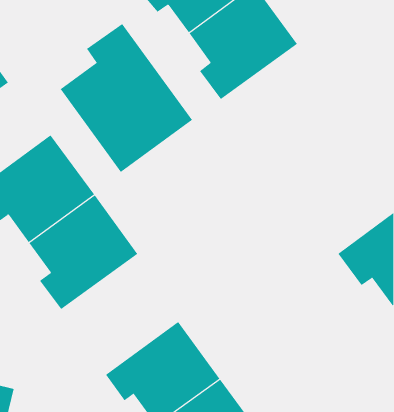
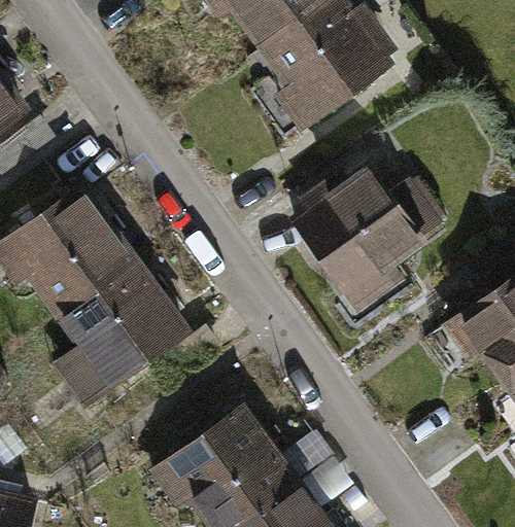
building: [60,23,193,173] -> none
building: none -> [287,133,446,313]

